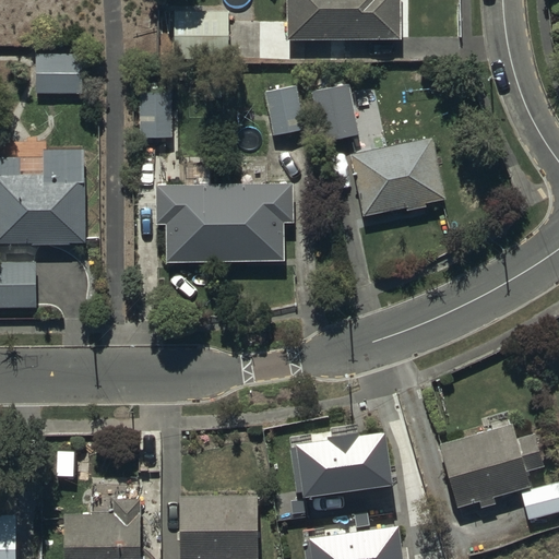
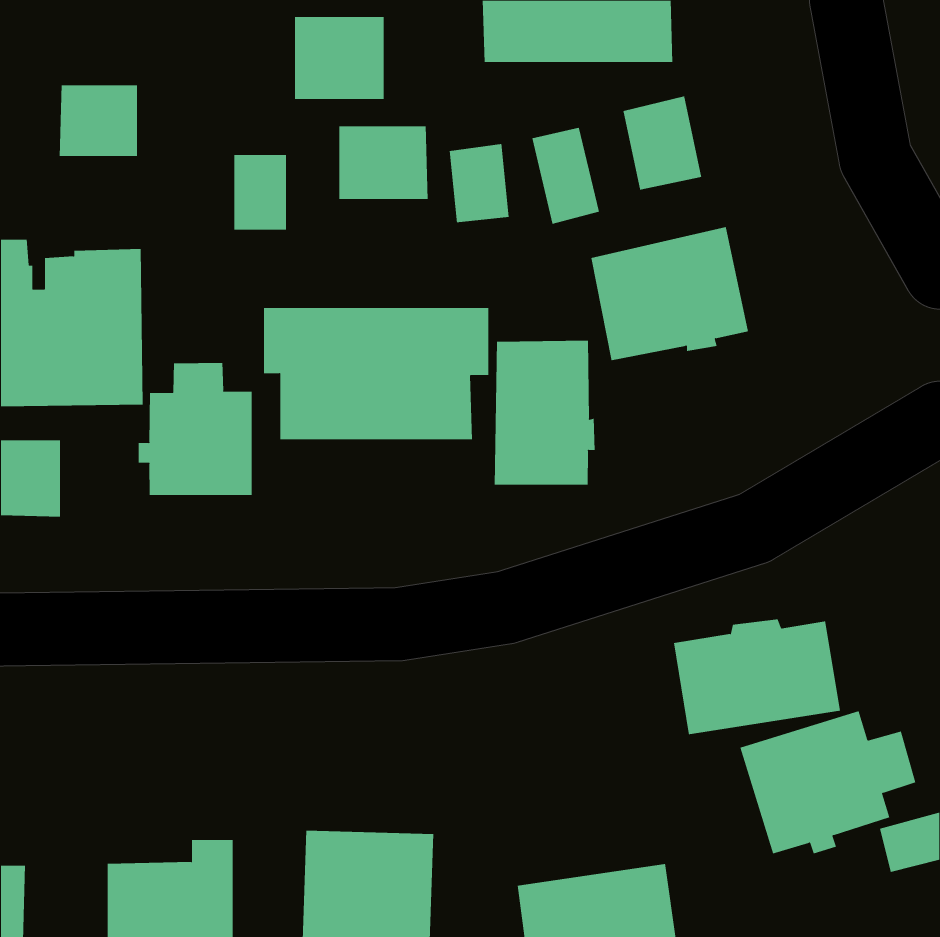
building: none -> [623,96,702,191]
building: none -> [339,126,428,200]
building: none -> [494,340,595,486]
building: none -> [138,362,252,496]
building: [293,420,392,489] -> [673,619,841,735]

